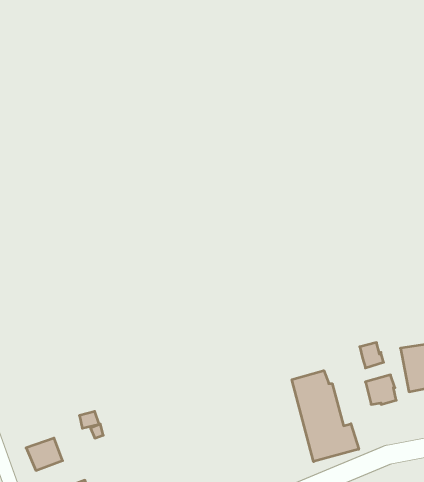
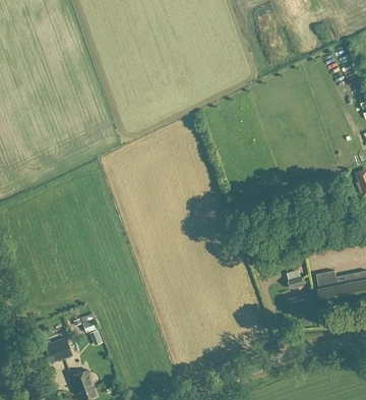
building: [292,371,359,462] -> none

